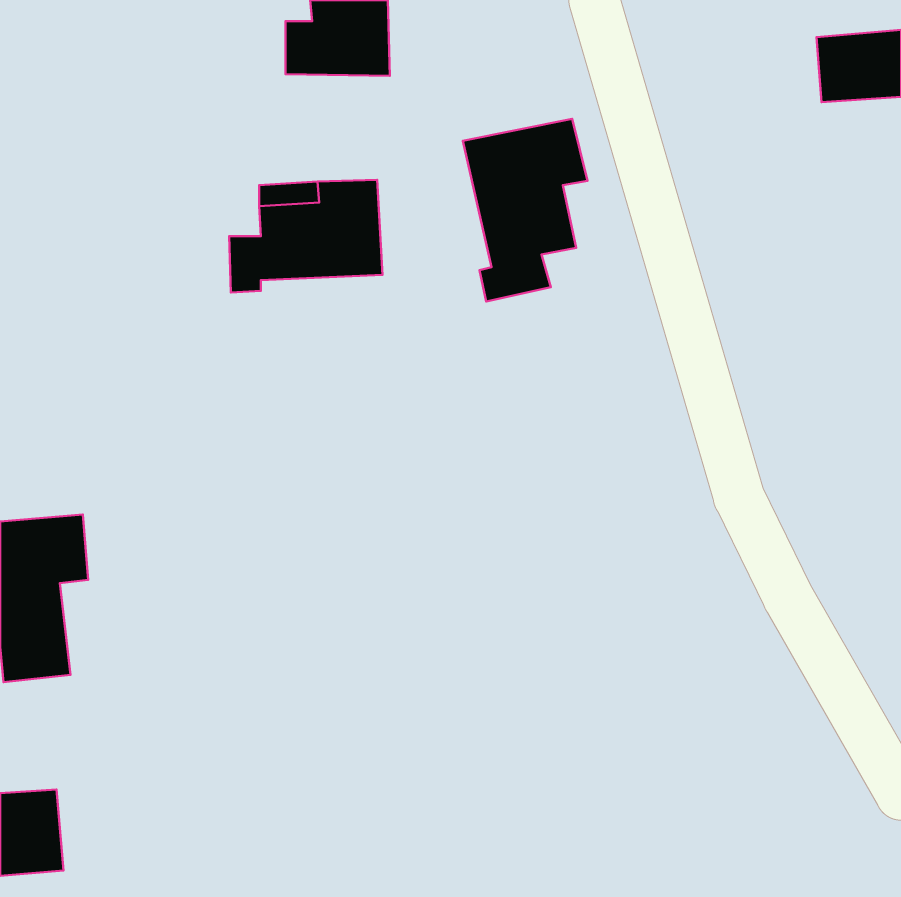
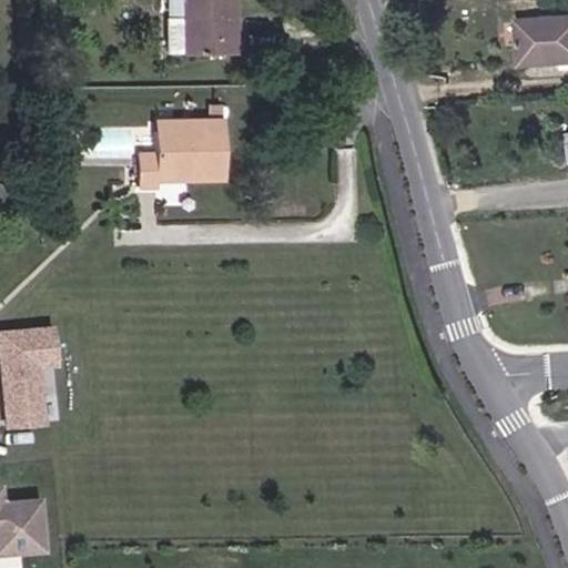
building: [463,119,587,301] -> none

